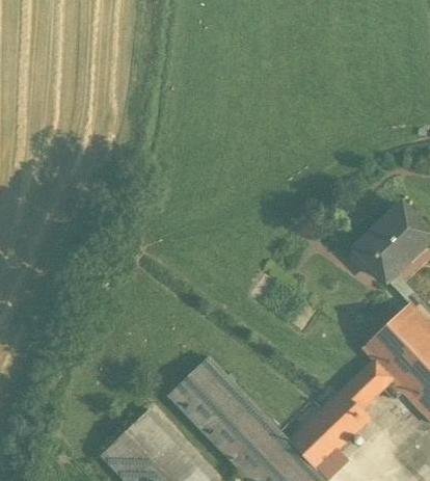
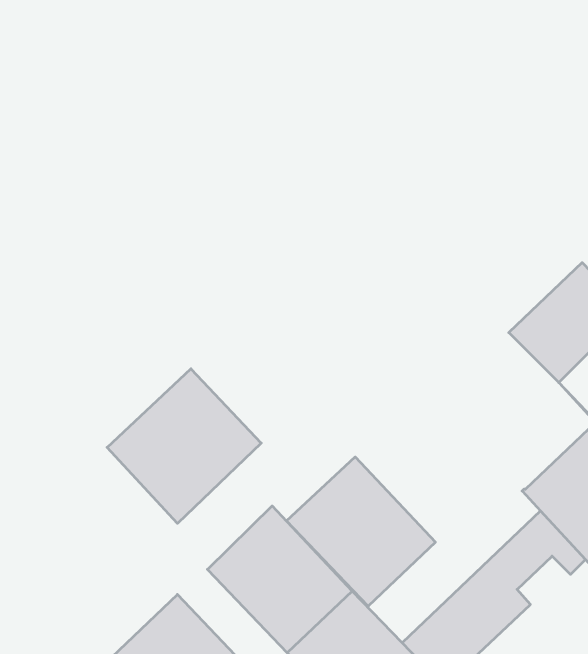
building: none -> [107,369,261,523]
building: none -> [286,457,435,606]

